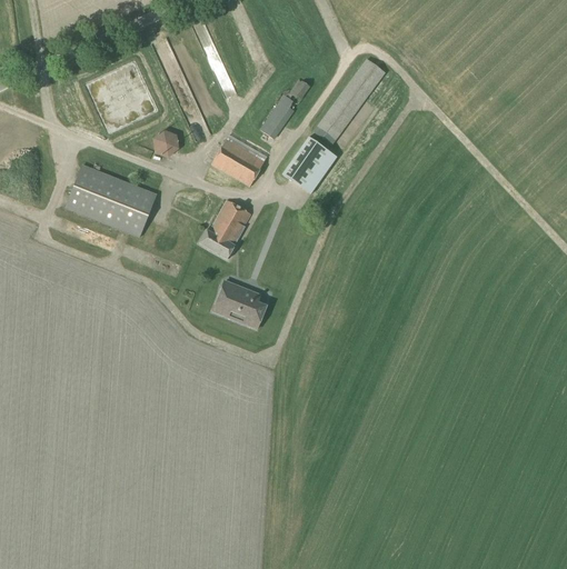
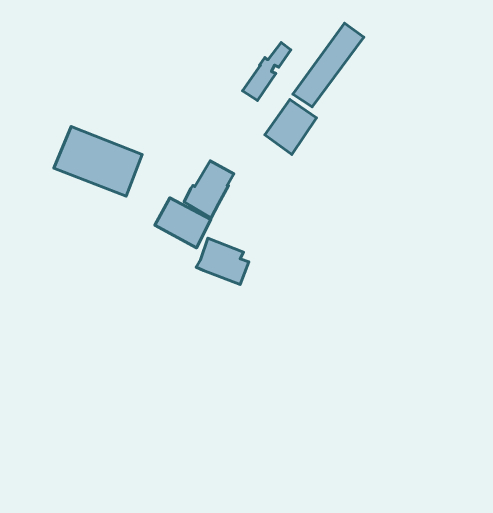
building: [153,129,180,157] -> none
building: [212,137,266,186] -> none
building: none -> [155,198,211,248]

